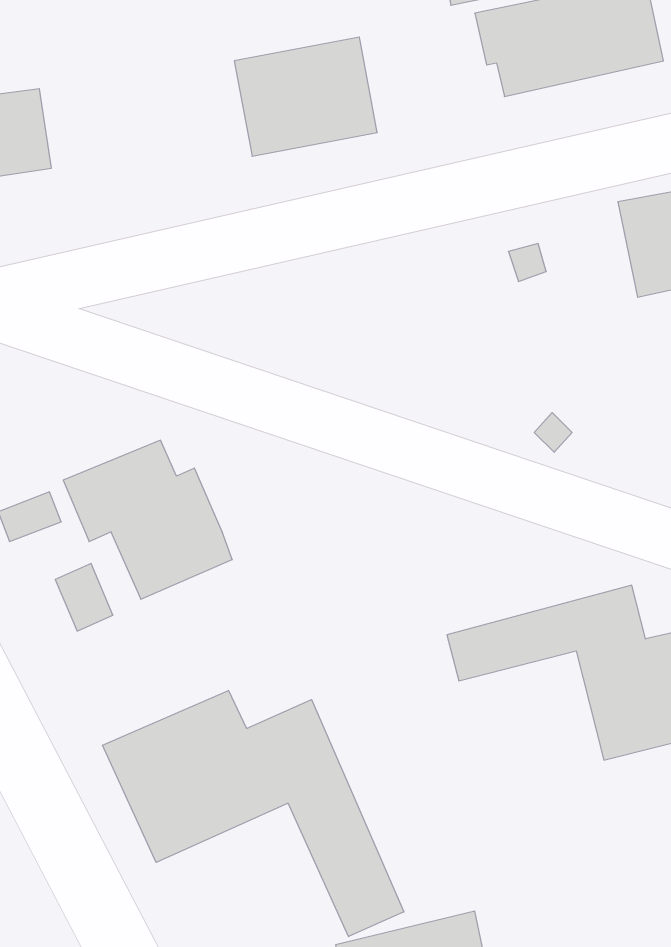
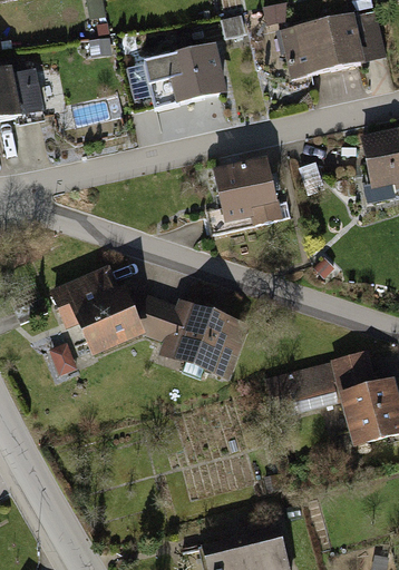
building: none -> [211,154,282,223]
building: none -> [138,296,249,380]
building: [103,690,404,937] -> none

